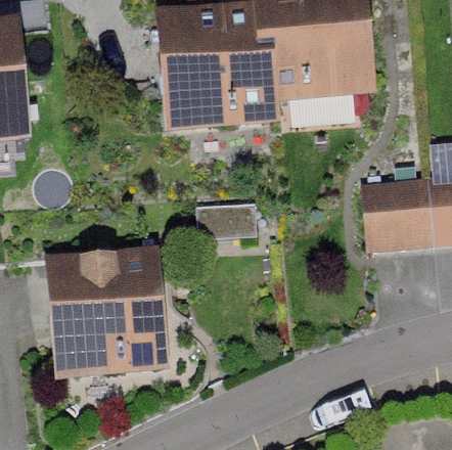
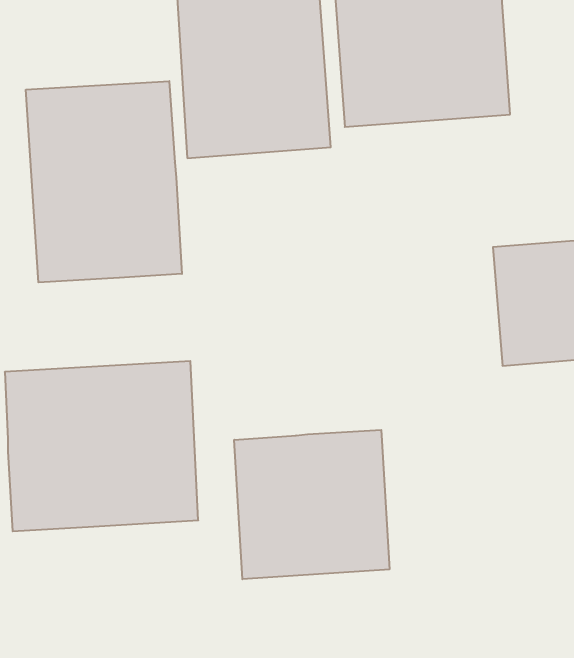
building: none -> [26,81,182,282]
building: none -> [234,430,389,579]

